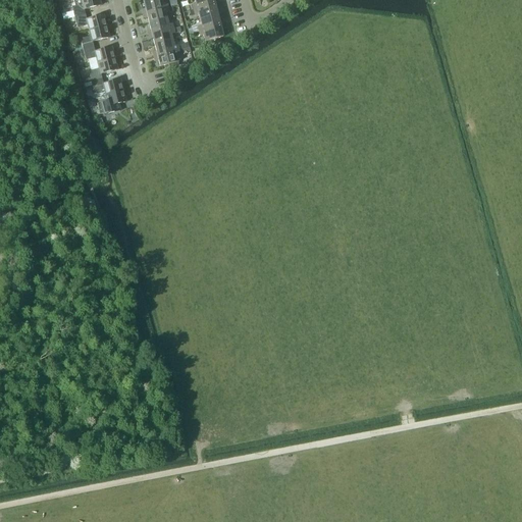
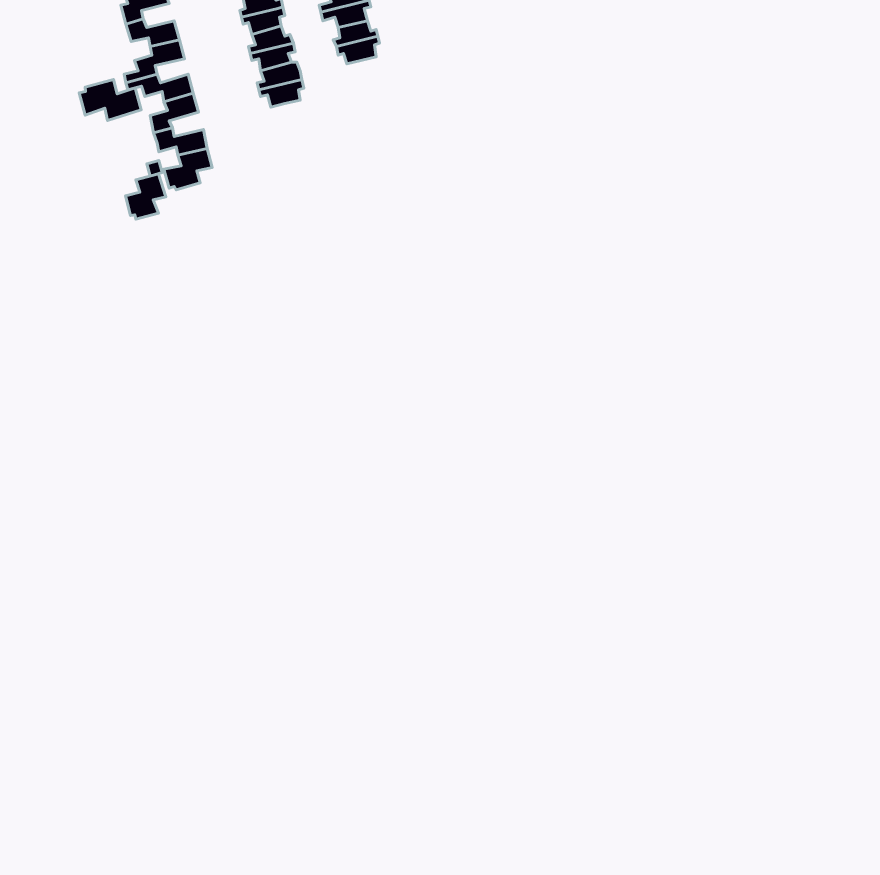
building: none -> [79,80,141,121]
building: none -> [125,174,166,219]

